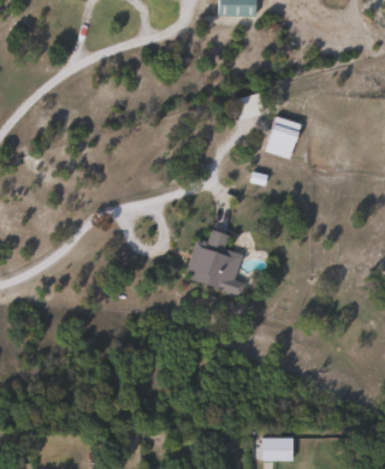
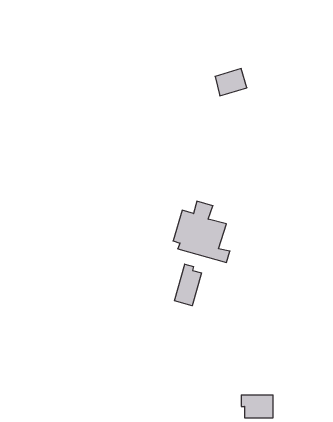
building: [263,115,300,159] -> none
building: none -> [174,264,201,306]

